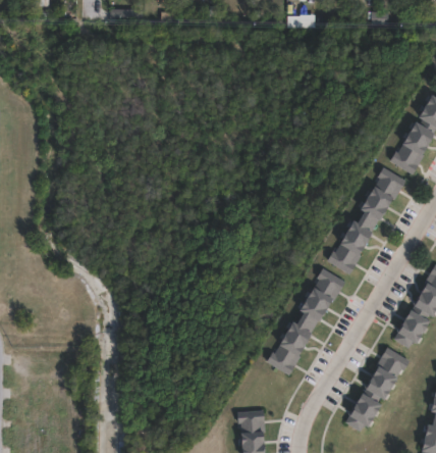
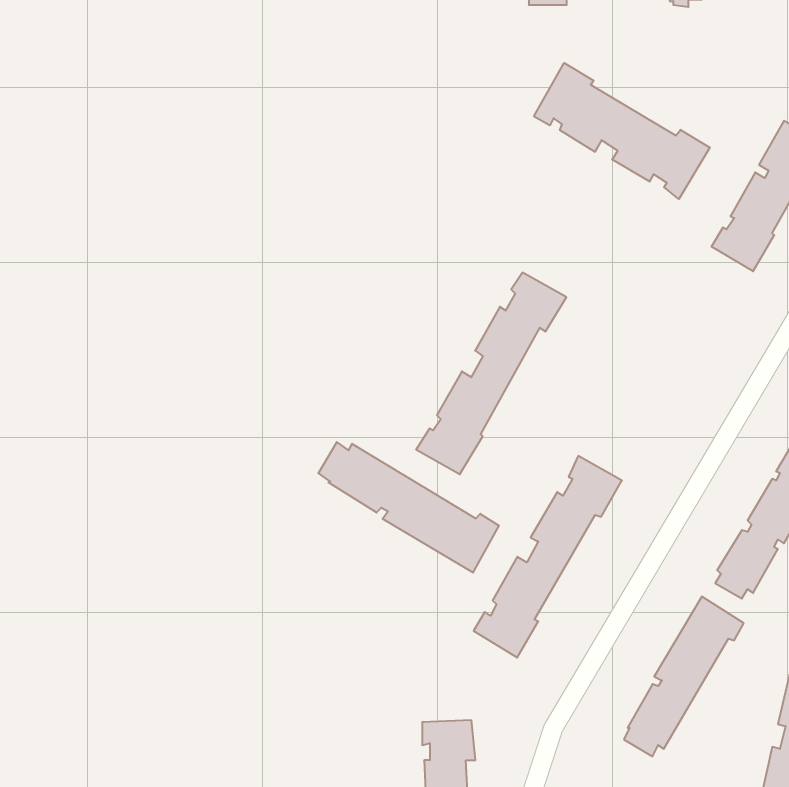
building: none -> [534,63,710,199]
building: [329,163,410,271] -> [416,273,566,474]
building: none -> [318,442,499,573]

